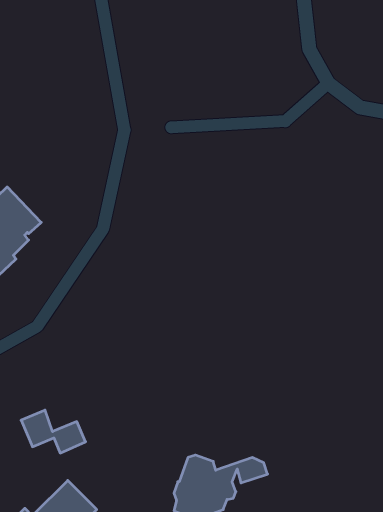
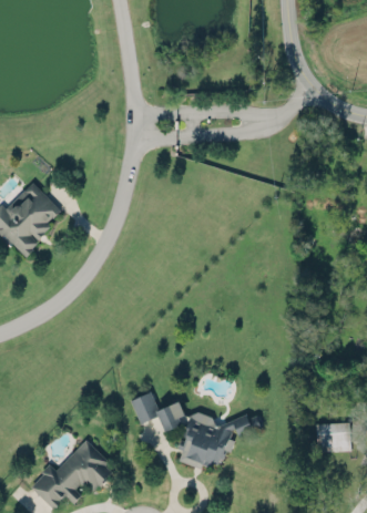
building: [21,410,86,453] -> [131,391,187,429]
building: none -> [316,422,350,451]

